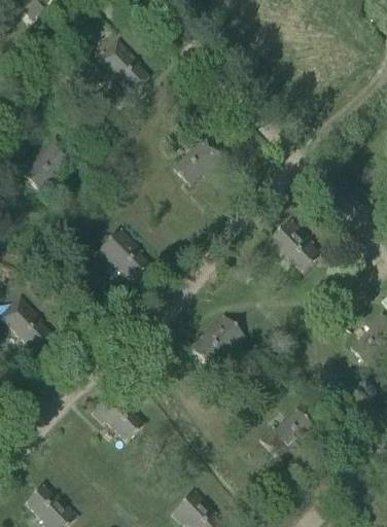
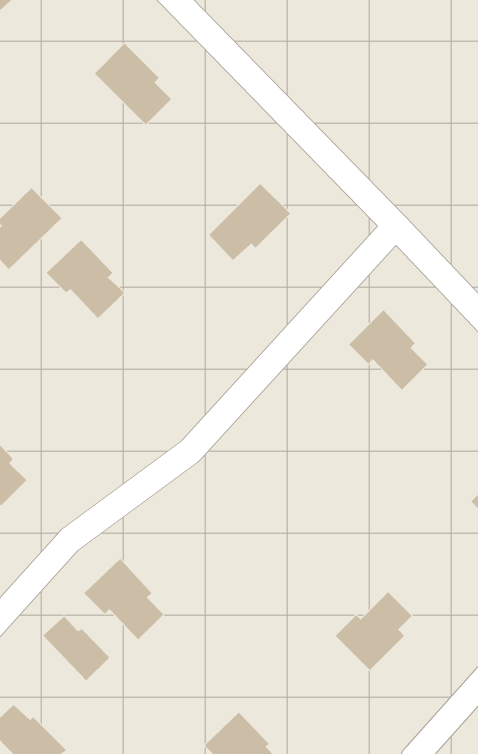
building: [96,227,149,281] -> [46,239,125,319]
building: [191,314,245,366] -> none
building: none -> [43,616,110,681]

